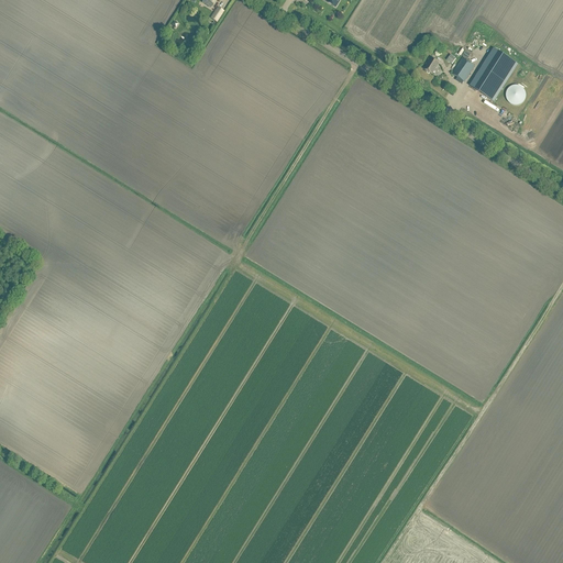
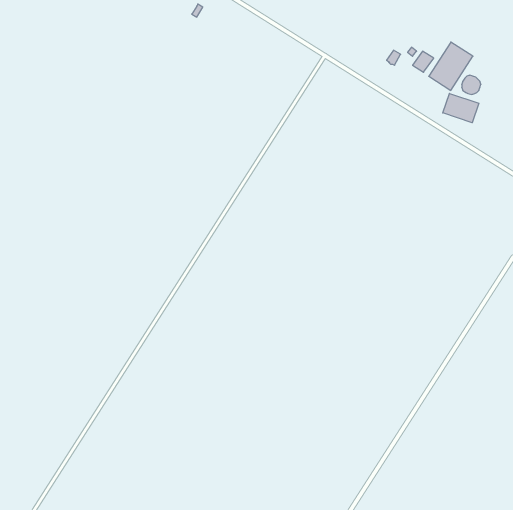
building: none -> [443,93,479,123]

